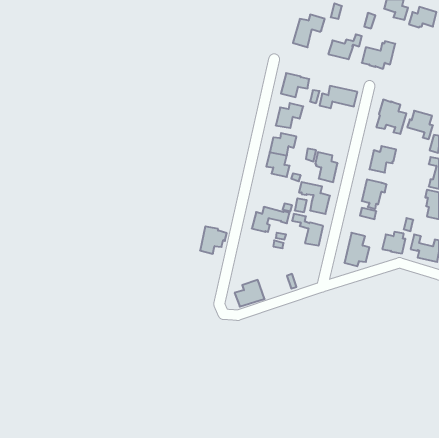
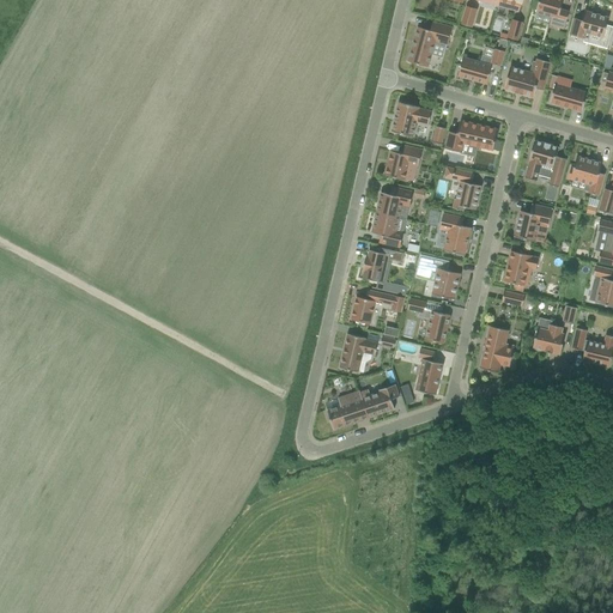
building: none -> [550,83,588,110]
building: none -> [453,168,481,210]
building: none -> [362,245,403,281]
building: [200,226,227,254] -> [340,333,377,371]
building: none -> [415,347,443,394]
building: none -> [359,383,399,417]

